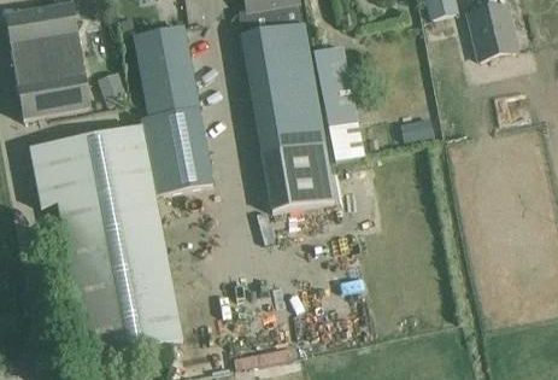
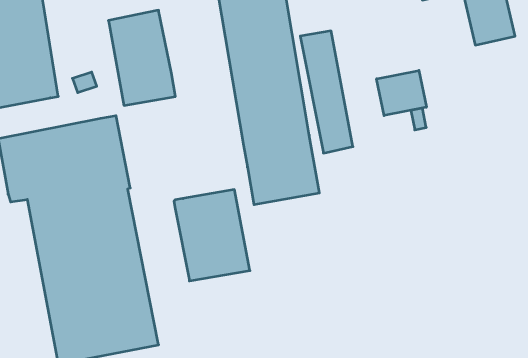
building: none -> [377,70,426,116]
building: [141,105,212,191] -> [174,190,250,281]

